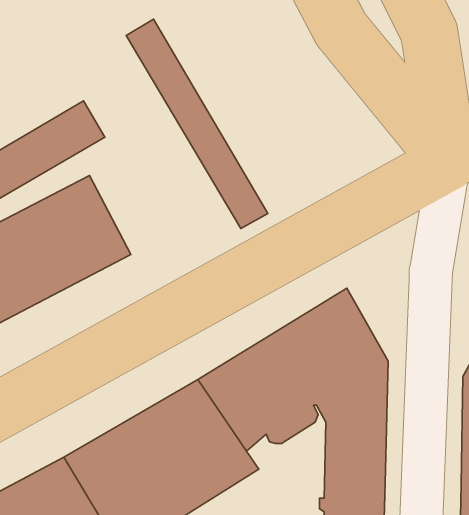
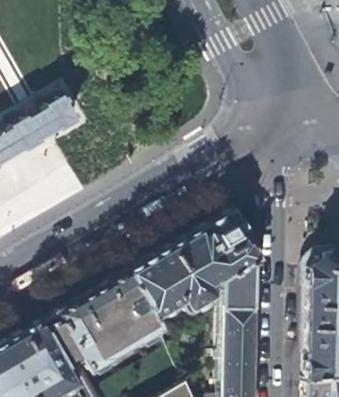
building: [126,19,268,229] -> none

